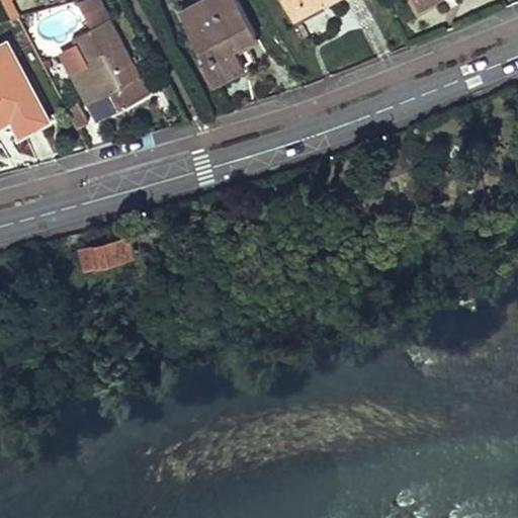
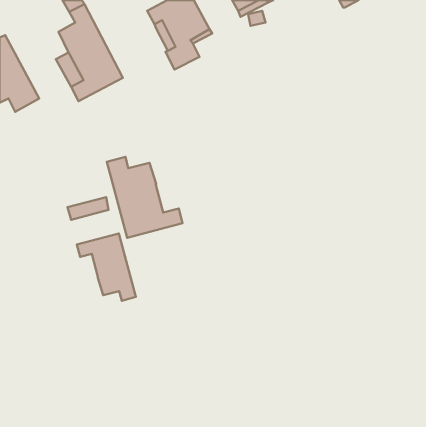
building: none -> [107,157,183,238]
building: none -> [77,234,136,301]

